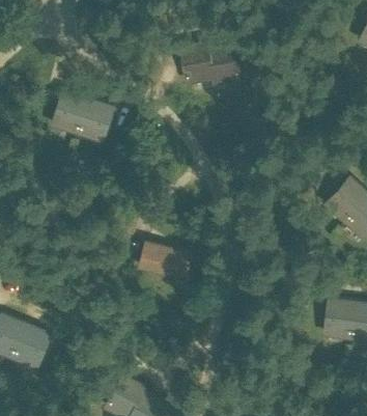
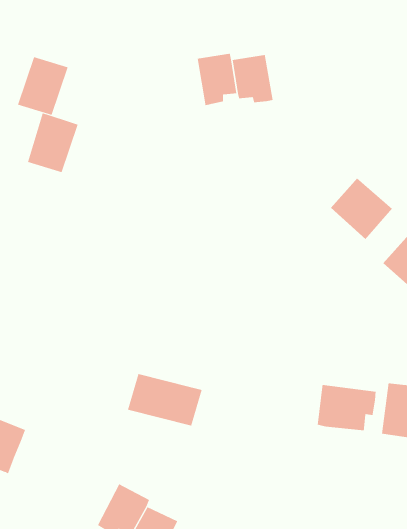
building: [78,99,117,144] -> [17,56,68,116]
building: none -> [330,178,393,240]
building: [138,242,196,282] -> [127,374,202,426]
building: none -> [317,384,376,431]

